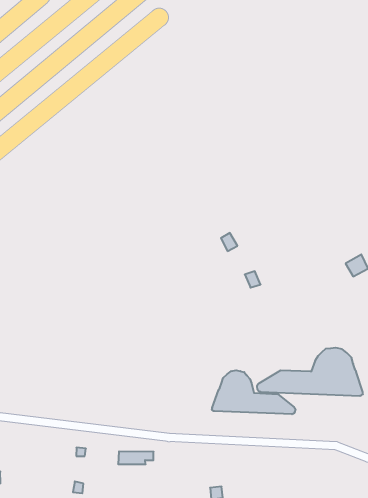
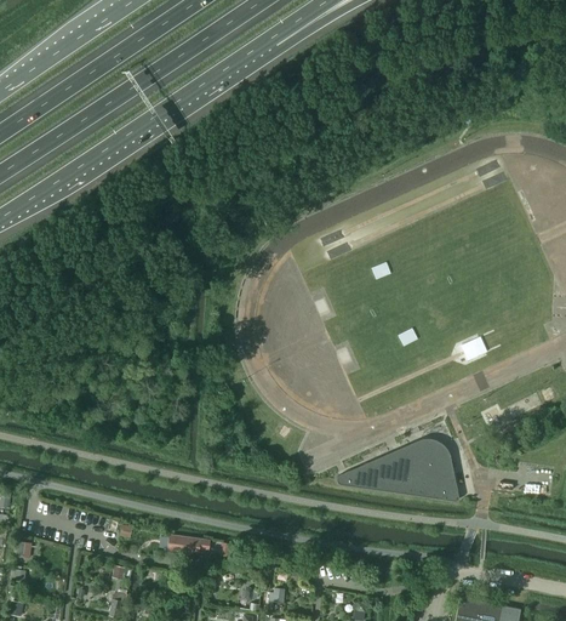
building: [212,370,295,414] -> none

